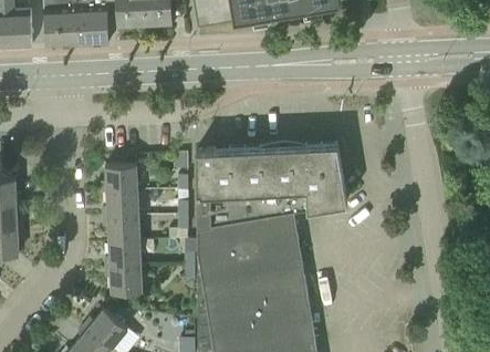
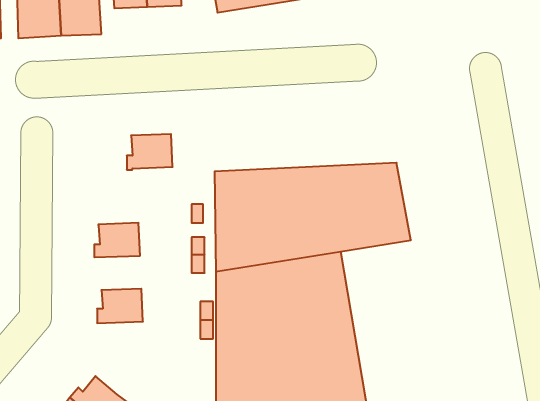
building: [102,165,137,193] -> [127,134,173,170]
building: [103,216,139,242] -> none
building: [105,267,142,293] -> none

